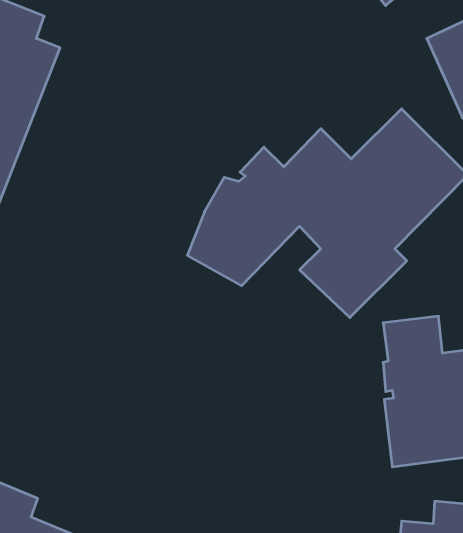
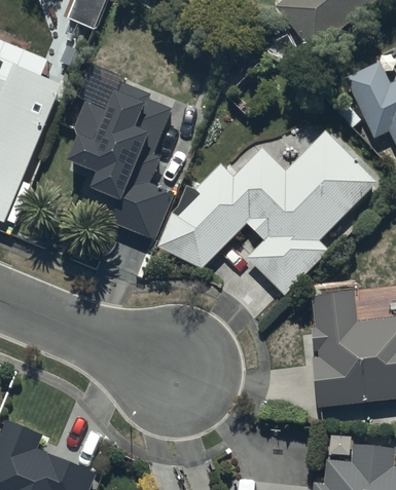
building: none -> [70,82,174,239]

